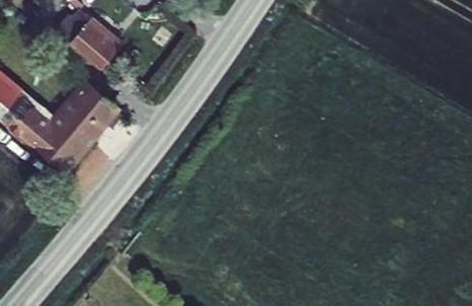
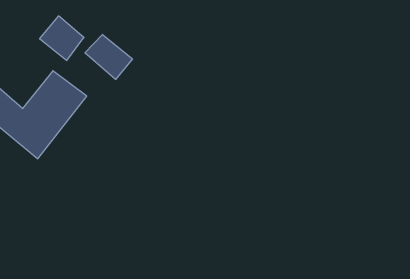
building: none -> [85,34,132,79]

